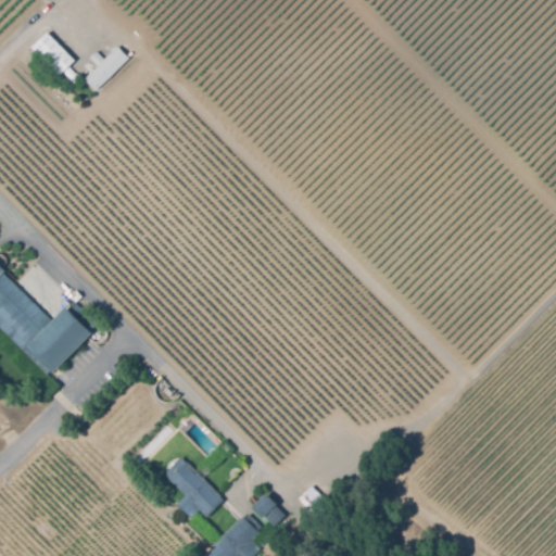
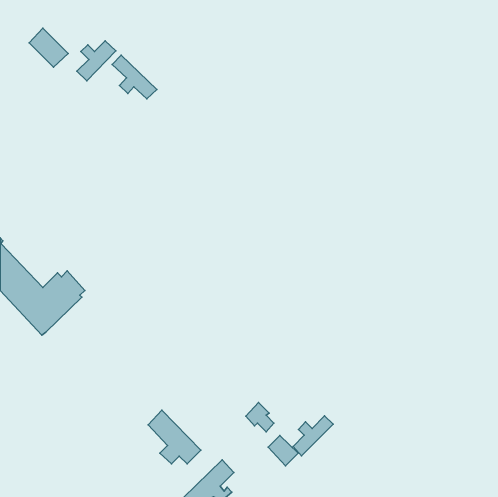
building: none -> [112,55,157,99]
building: none -> [293,416,333,456]
building: [252,493,283,526] -> [246,403,274,432]

